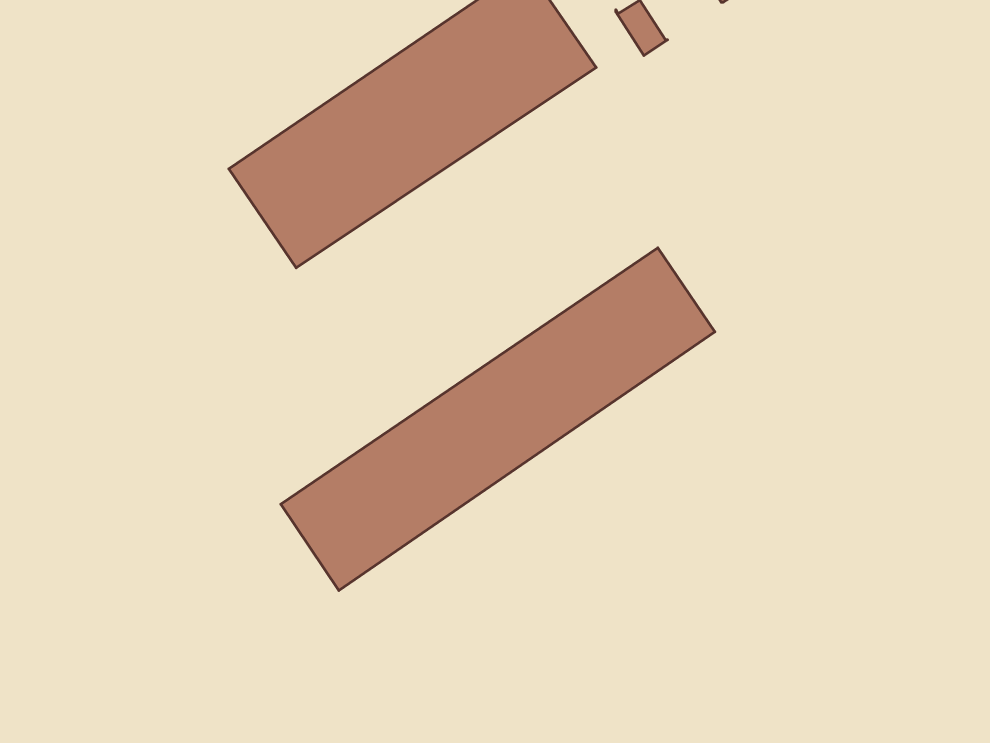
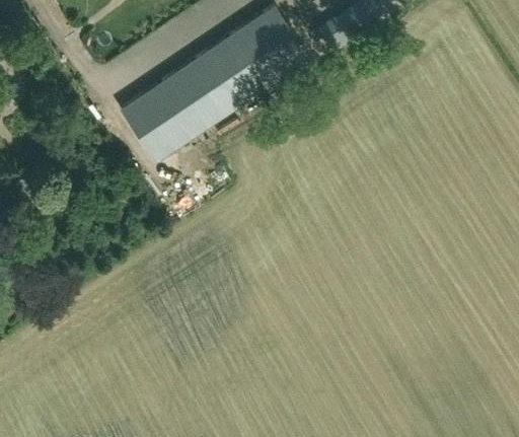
building: [281,248,715,590] -> none

